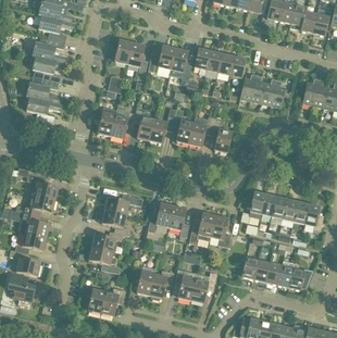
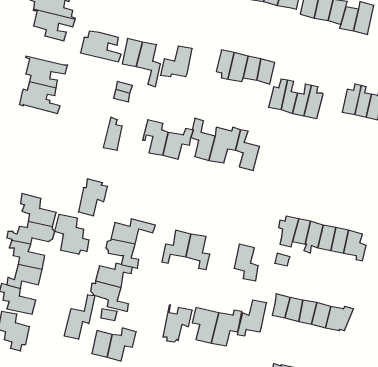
building: [32,36,66,62] -> [80,31,121,62]
building: [169,48,190,82] -> none
building: [26,96,62,123] -> none
building: [110,107,135,138] -> [78,179,108,216]
building: none -> [55,214,89,254]
building: [189,213,214,243] -> [237,300,267,336]
building: none -> [64,295,95,339]
building: [133,263,154,295] -> none

